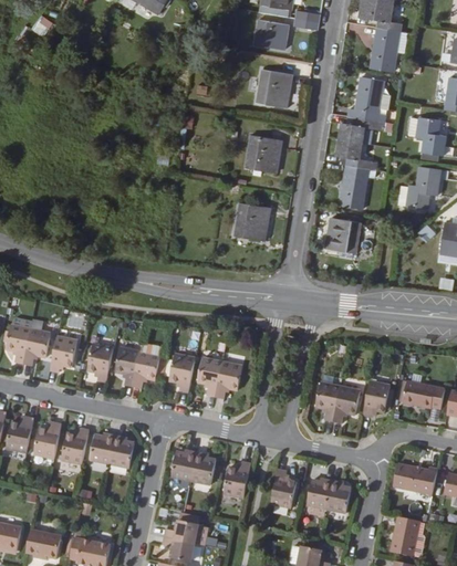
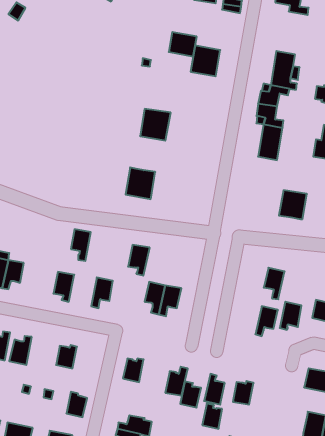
building: [253,19,288,49] -> [169,32,197,56]
building: [368,27,398,72] -> none
building: [243,134,281,172] -> [140,109,171,141]
building: [232,202,269,241] -> [126,167,155,199]
building: [325,217,360,252] -> [279,190,307,219]
building: [50,337,76,373] -> none
building: [115,349,139,388] -> [71,229,91,261]
building: [169,355,196,392] -> [128,245,150,276]
building: [316,384,342,422] -> [264,268,285,299]
building: [61,430,87,465] -> none
building: [110,438,135,469] -> [66,392,87,417]
building: [191,453,217,485] -> [180,381,201,408]
building: [326,482,351,513] -> [202,403,222,429]

